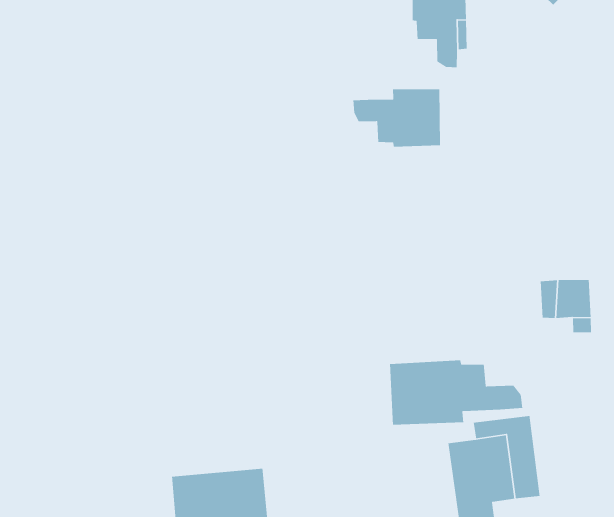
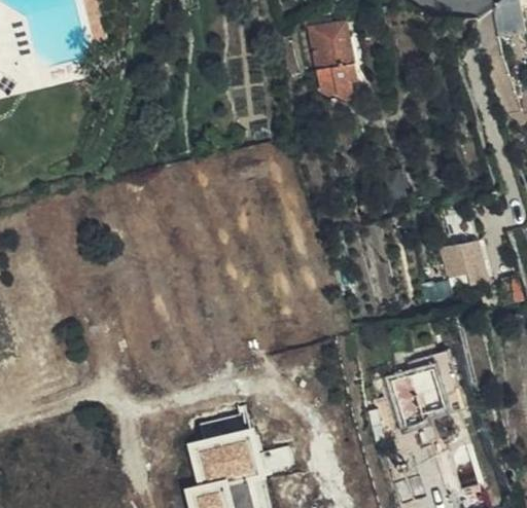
building: [353,89,441,147] -> none
building: [389,359,523,426] -> none

